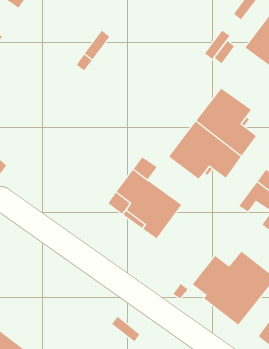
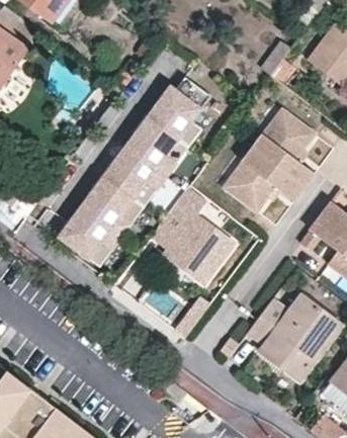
building: none -> [58,75,210,268]

